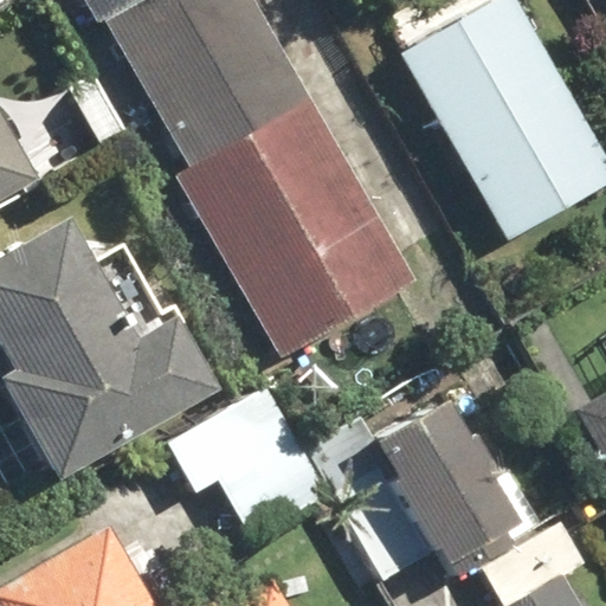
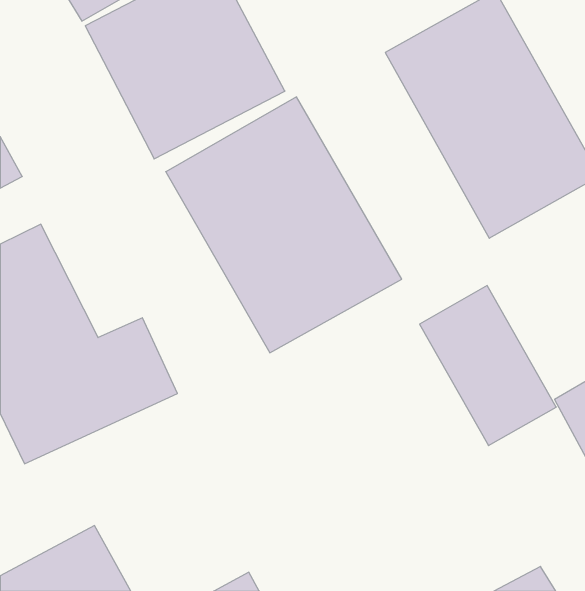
building: [175,391,320,539] -> none
building: [356,404,495,566] -> [420,286,556,446]

